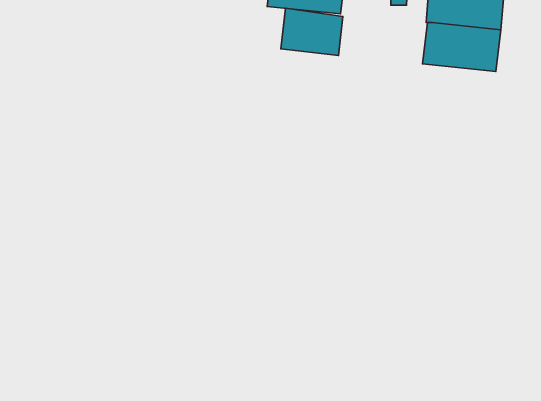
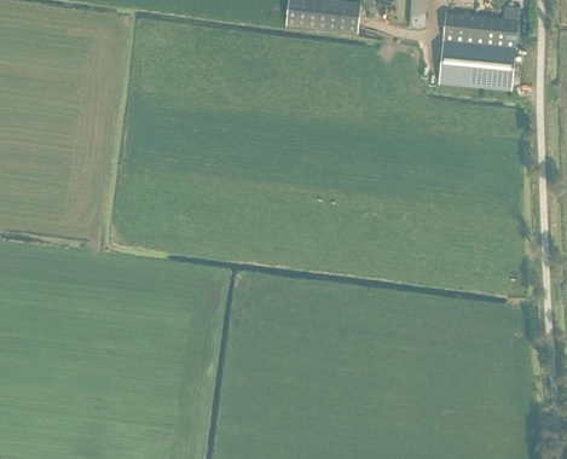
building: [281,8,343,55] -> none

